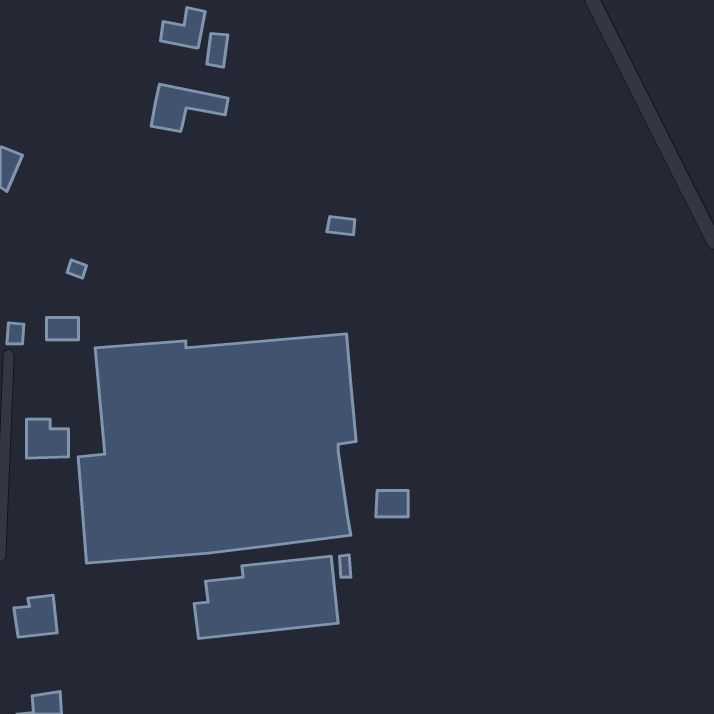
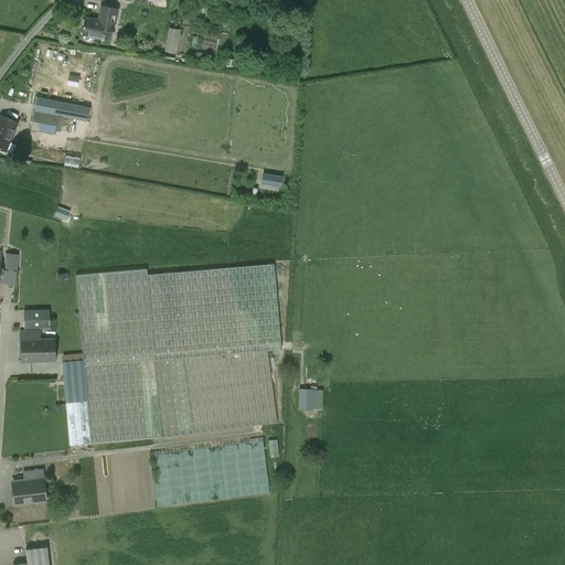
building: [160,7,205,48] -> [82,8,117,40]
building: [151,84,228,132] -> [30,96,90,134]
building: [46,317,79,340] -> [23,310,49,328]

